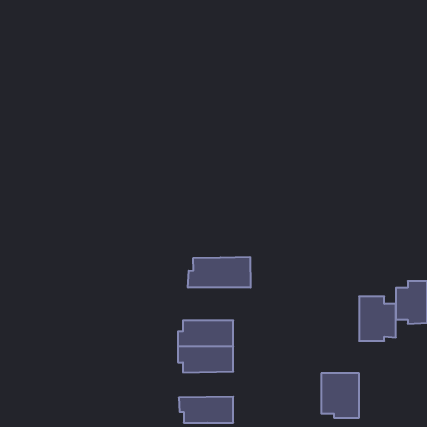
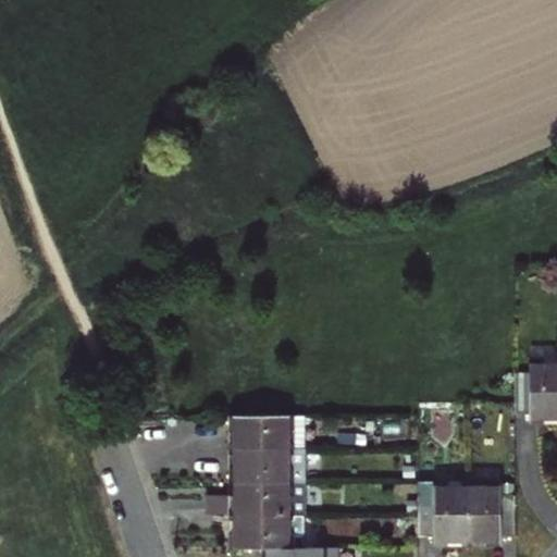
building: [188,257,251,288] -> none
building: [359,296,396,341] -> [466,486,513,544]
building: none -> [215,484,302,518]

